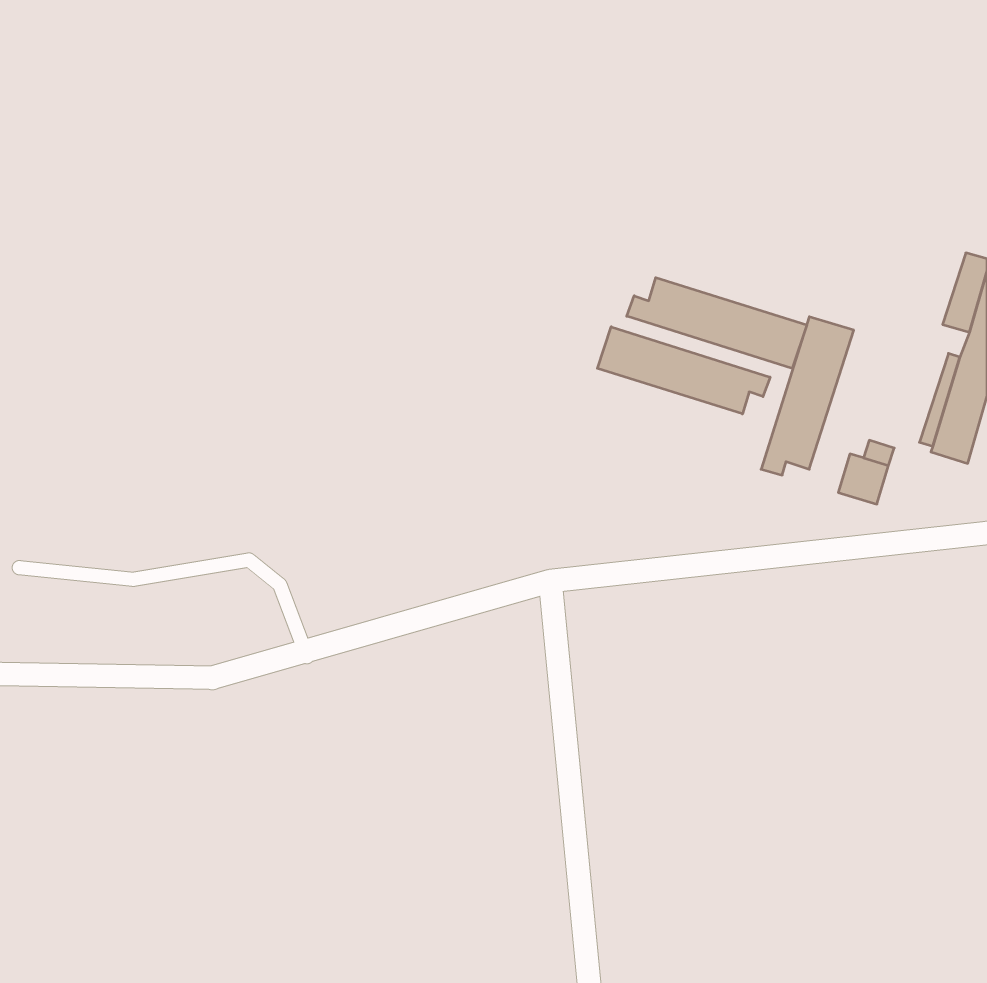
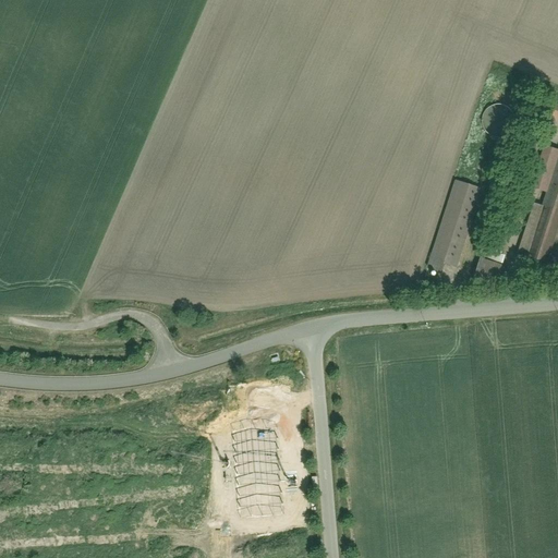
building: [627,278,807,369] -> none
building: [597,327,770,414] -> none

